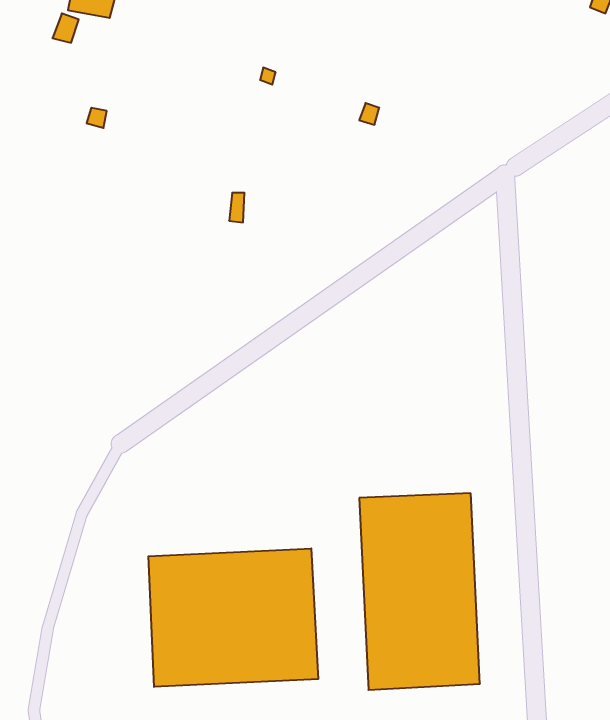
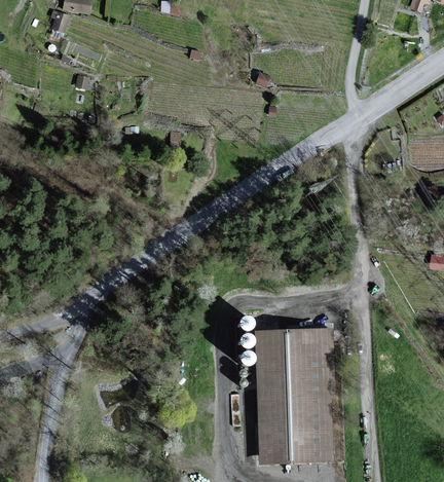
building: [148,548,318,687] -> none

